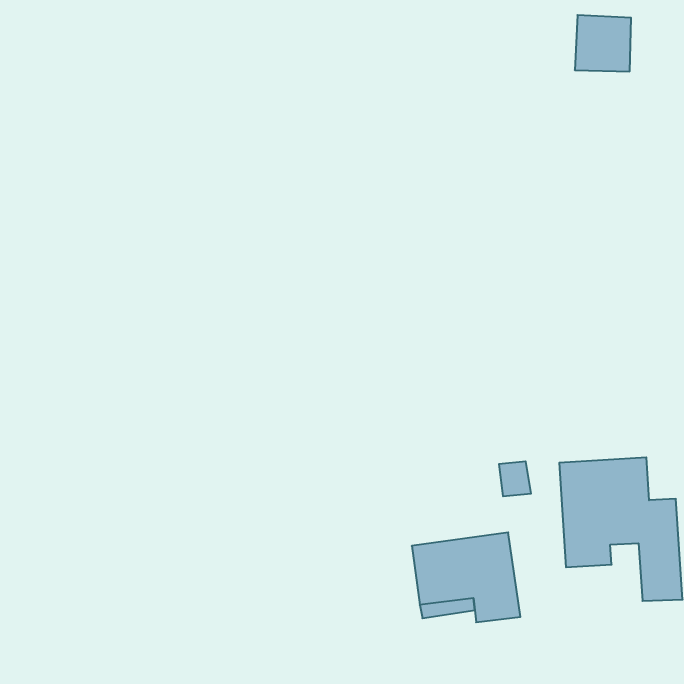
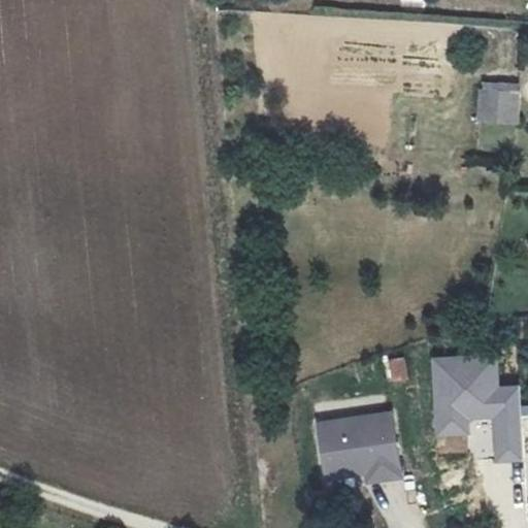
building: [575,15,631,71] -> [476,80,520,124]

